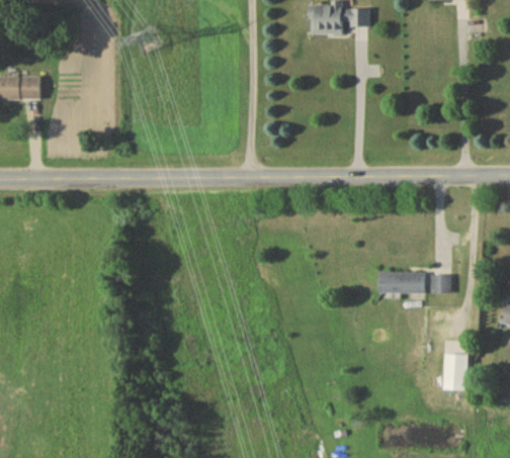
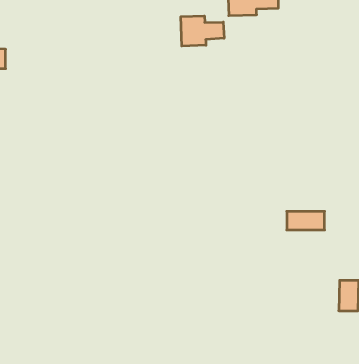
building: none -> [181,16,224,46]
building: [431,274,451,293] -> none

